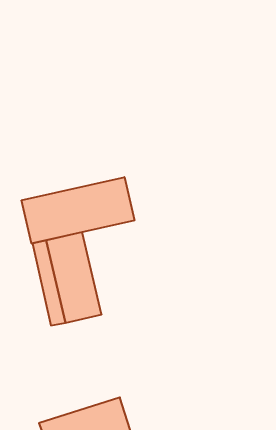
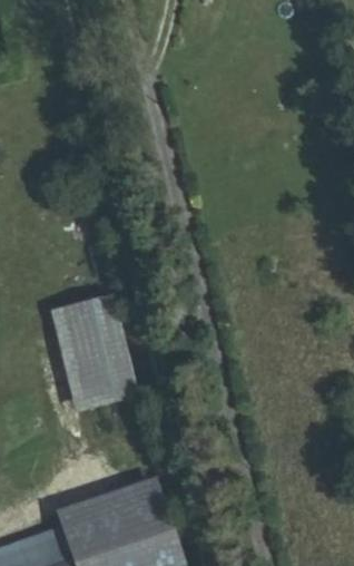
building: [22,177,134,244] -> none

